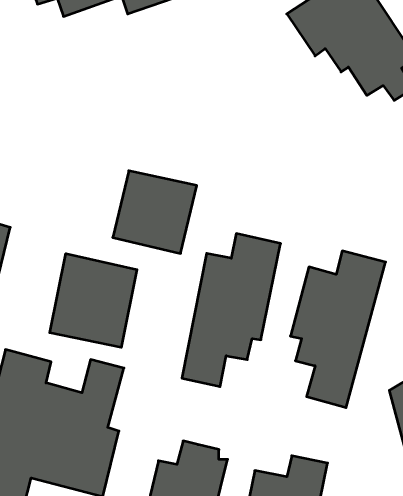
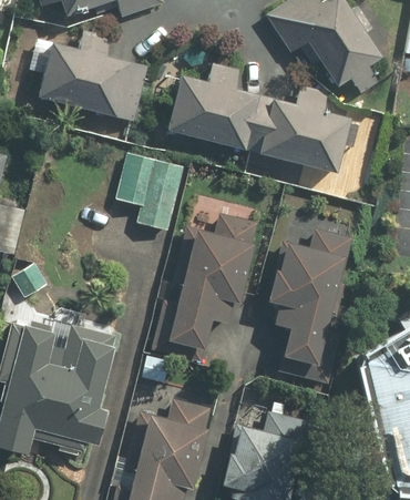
building: none -> [39,30,150,123]
building: none -> [165,63,351,173]
building: [50,254,137,347] -> none

